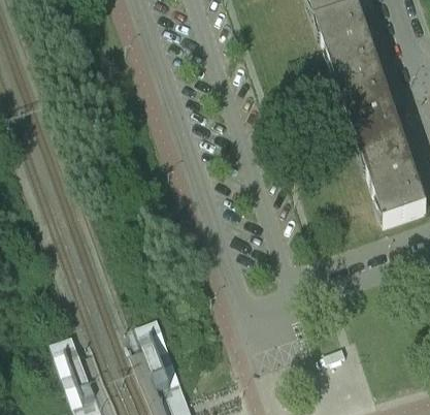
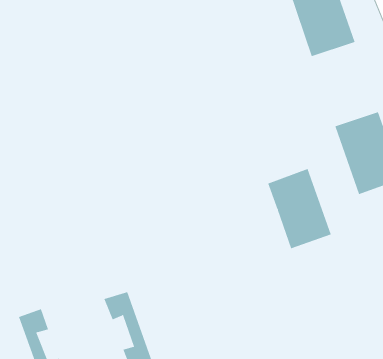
building: [338,70,404,153] -> none
building: none -> [268,168,331,249]

